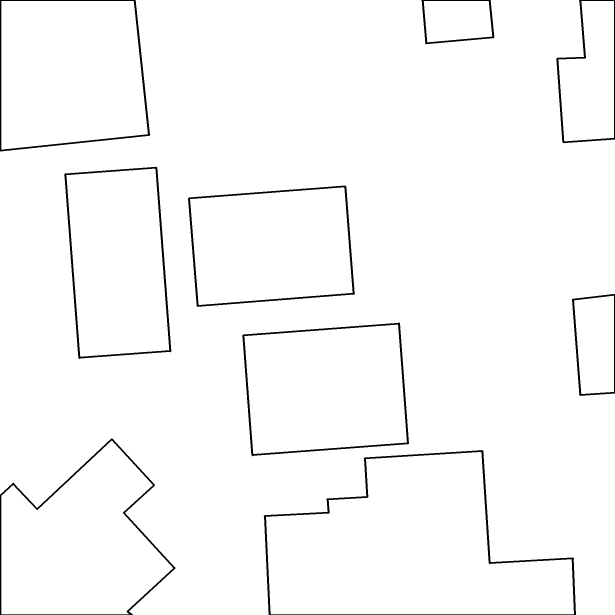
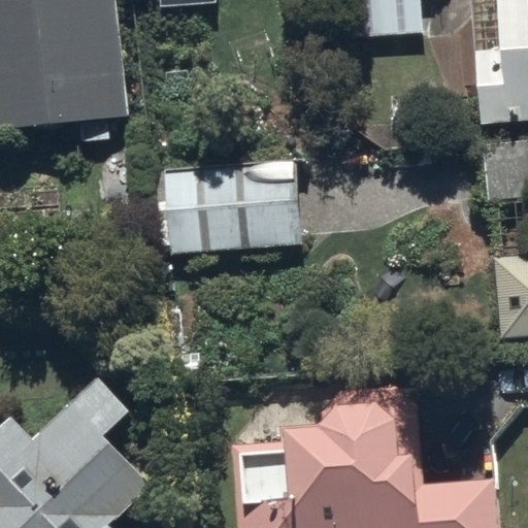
building: [65,168,170,358] -> none
building: [244,323,408,455] -> none

